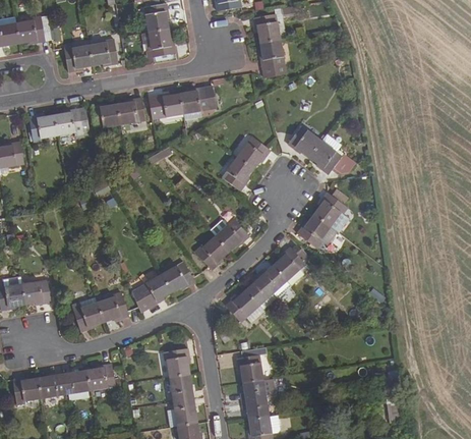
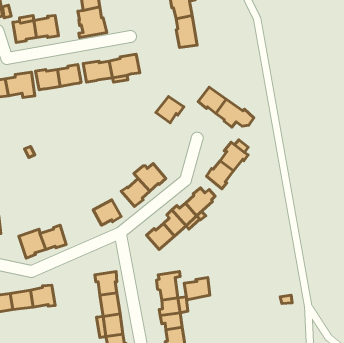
building: [221,156,253,189] -> none
building: [131,273,171,312] -> none
building: none -> [184,278,210,300]

